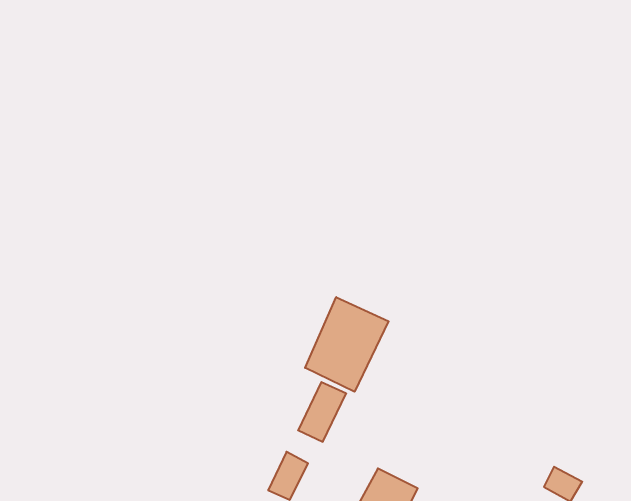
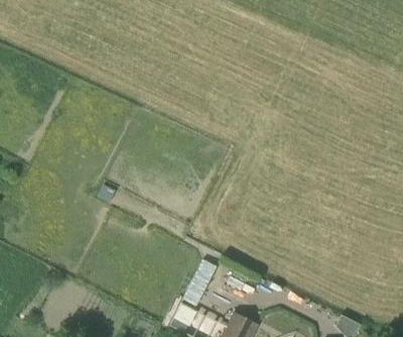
building: [305,297,389,392] -> none

